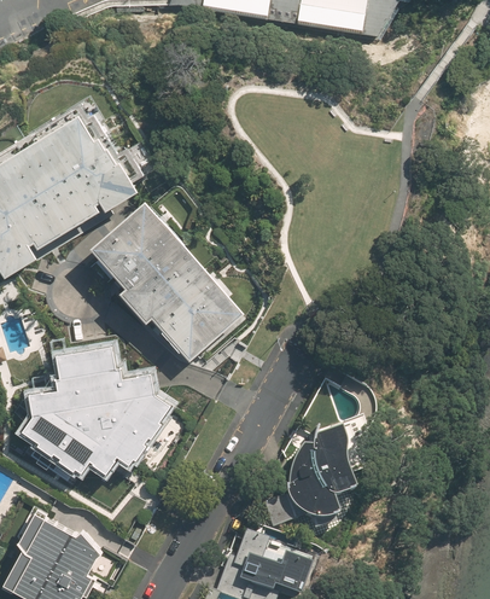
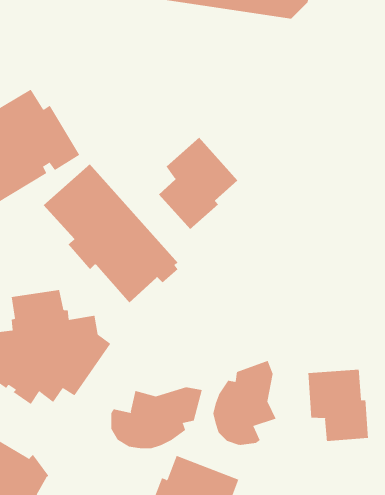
building: none -> [158,137,238,230]
building: none -> [308,369,368,442]
building: none -> [111,387,202,449]

